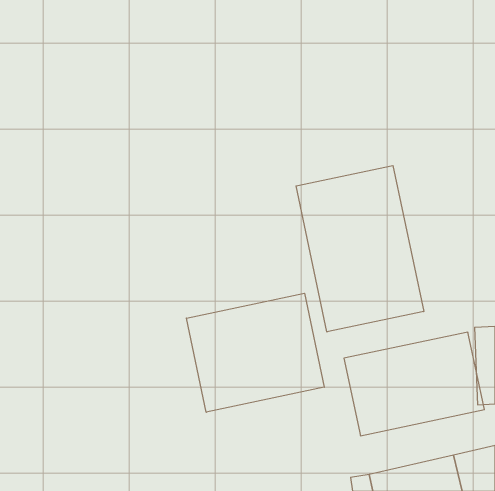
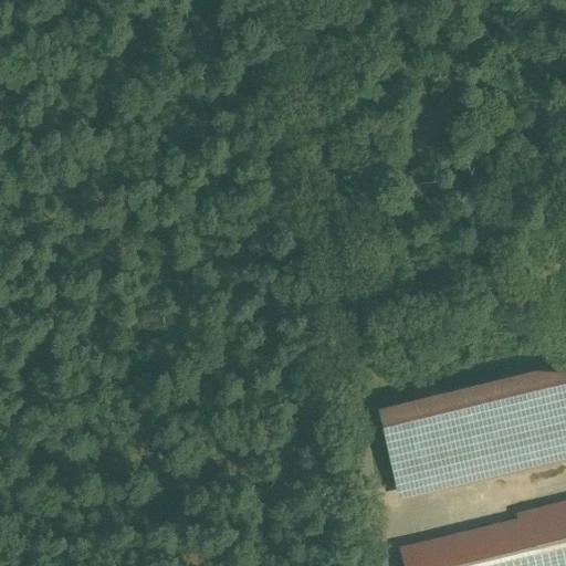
building: [296,166,424,332] -> none
building: [186,293,324,412] -> none

